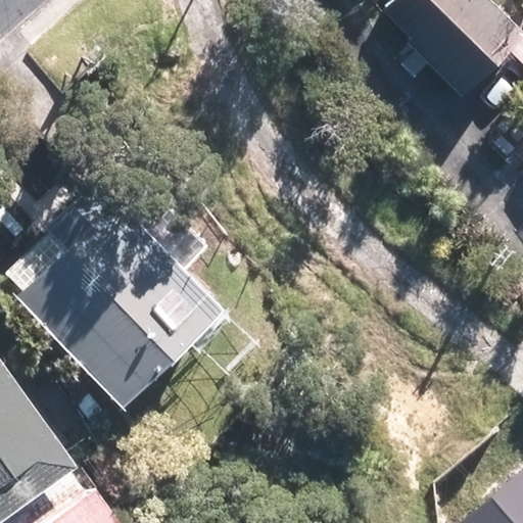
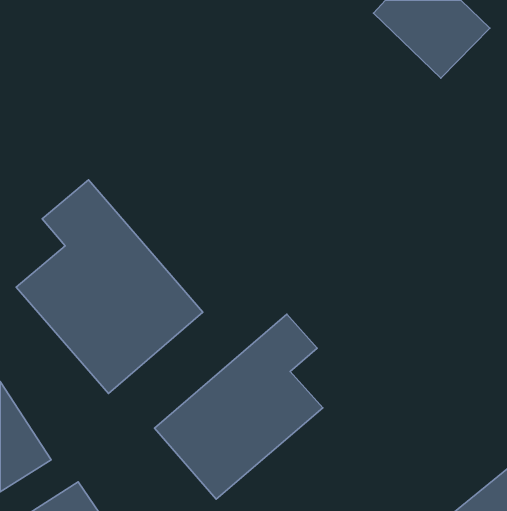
building: none -> [155,314,323,499]

